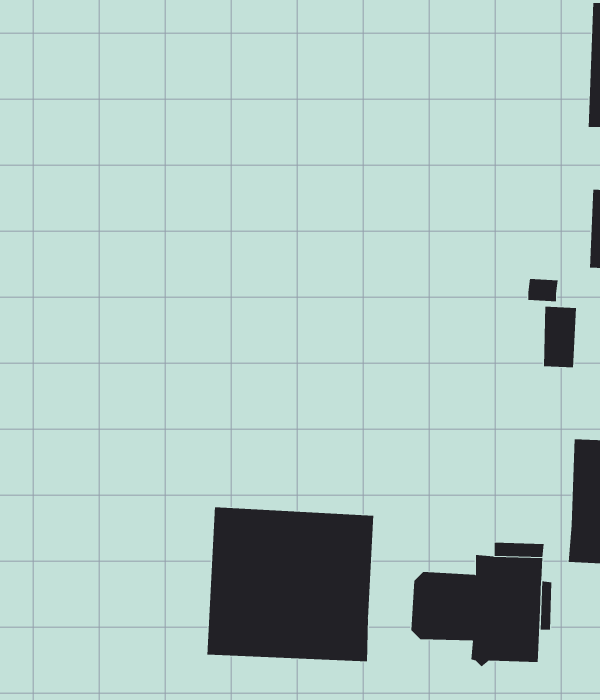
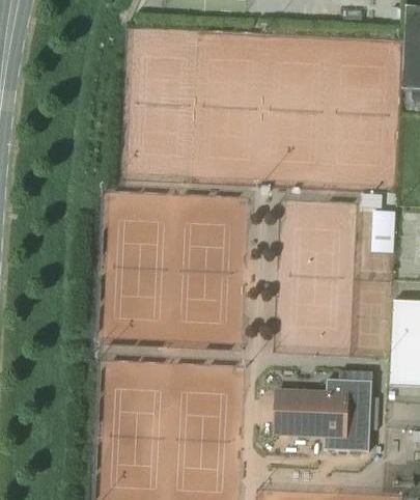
building: [207,507,374,662] -> none

